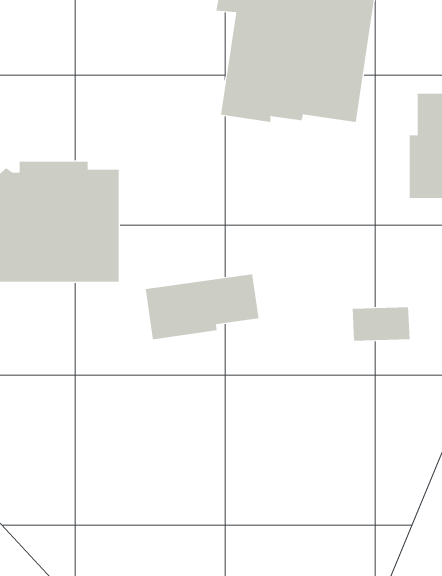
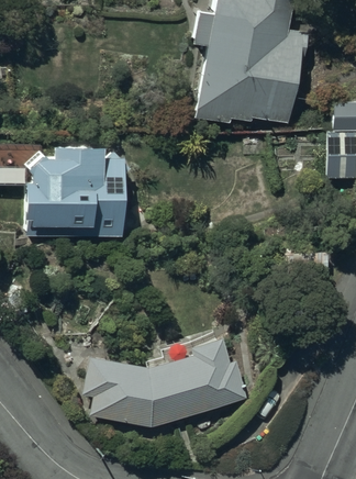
building: [145,273,259,340] -> none
building: none -> [84,338,248,427]

